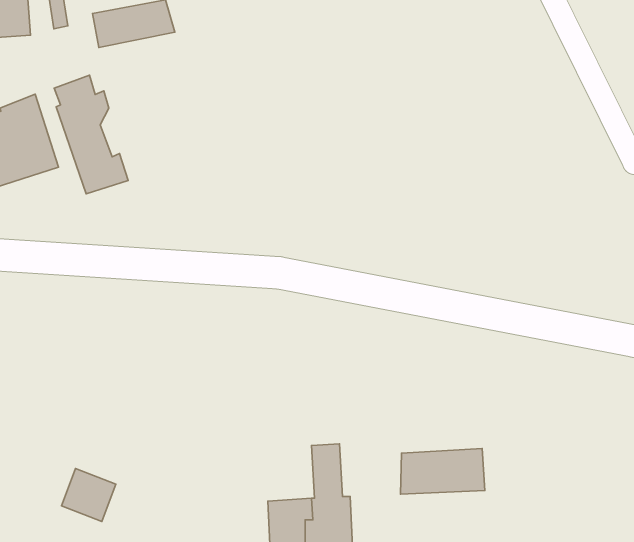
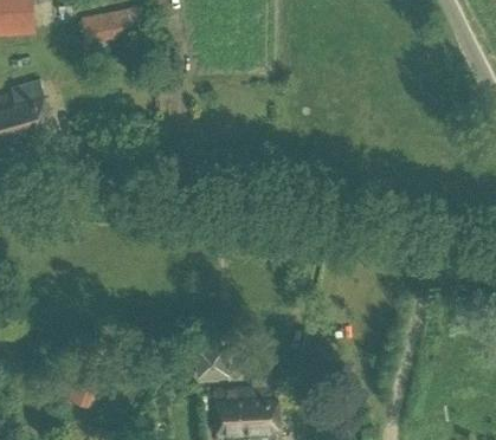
building: [54,75,128,194] -> none
building: none -> [193,342,230,378]
building: [400,449,485,494] -> none

